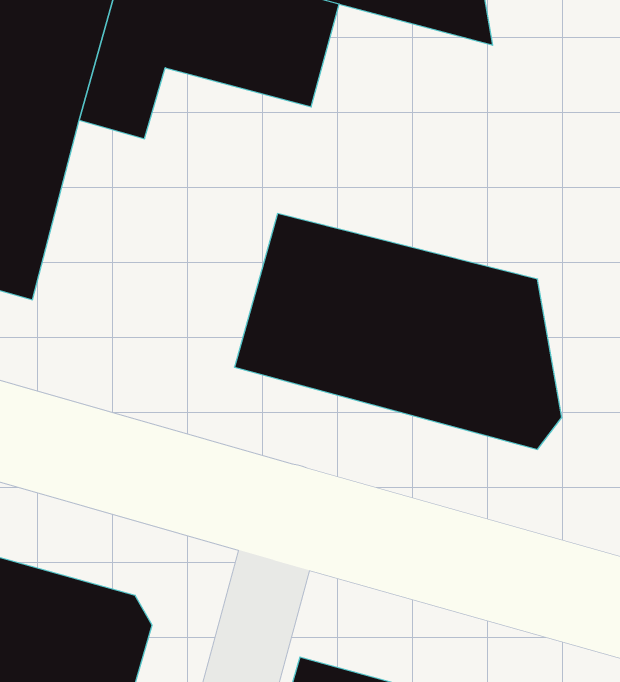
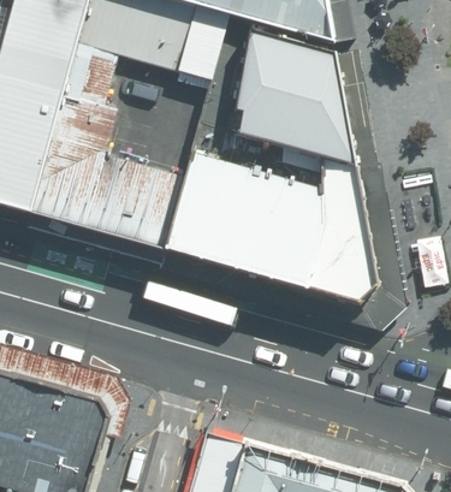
building: none -> [222,35,351,167]
building: none -> [34,91,183,242]

